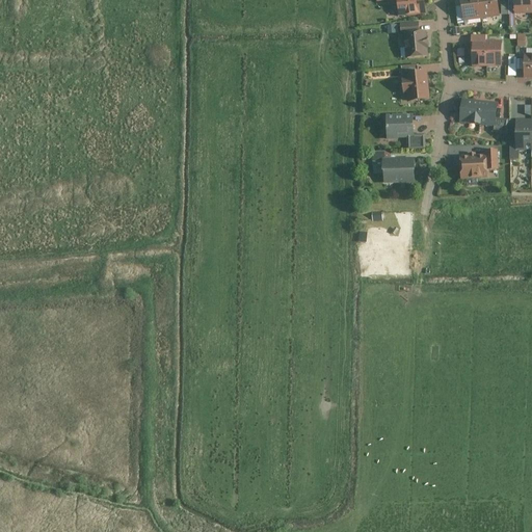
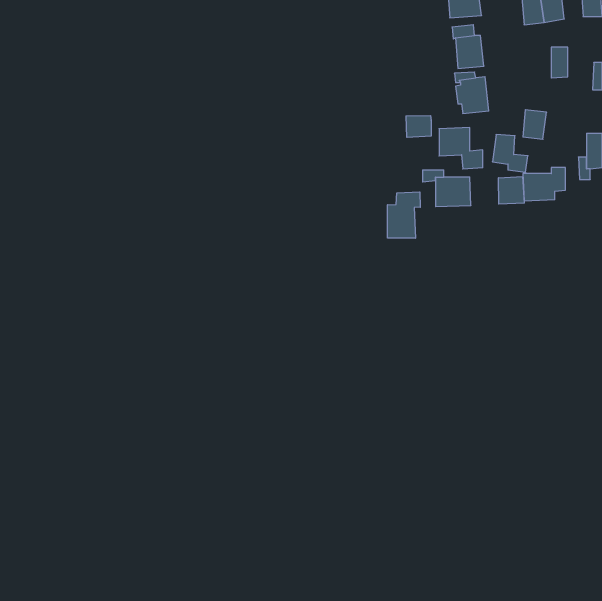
building: [470,35,485,69] -> none
building: [478,99,509,132] -> [492,135,528,172]
building: none -> [406,116,431,137]
building: none -> [499,177,524,204]
building: none -> [388,192,420,238]

